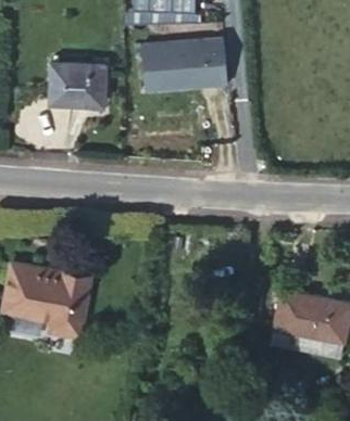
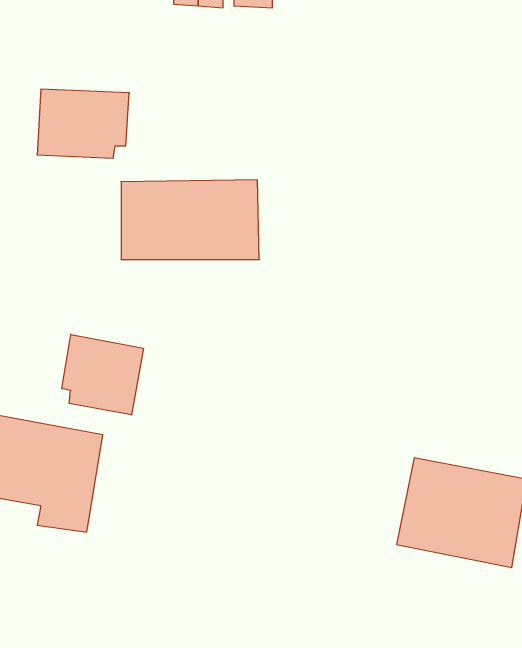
building: [140,39,225,88] -> [121,180,259,260]
building: none -> [62,334,143,415]

